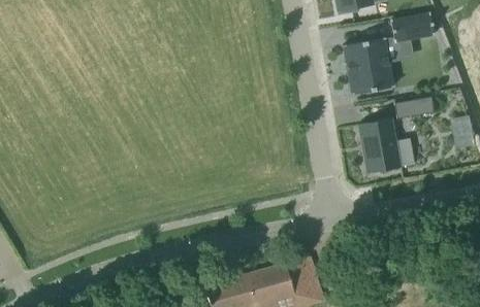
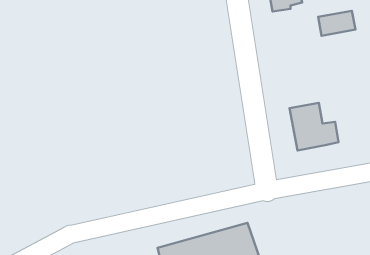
building: [344,38,394,95] -> none
building: [395,97,436,120] -> none

